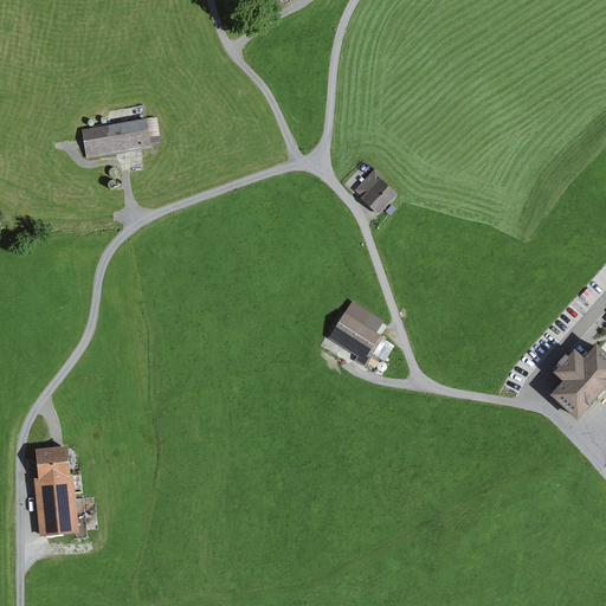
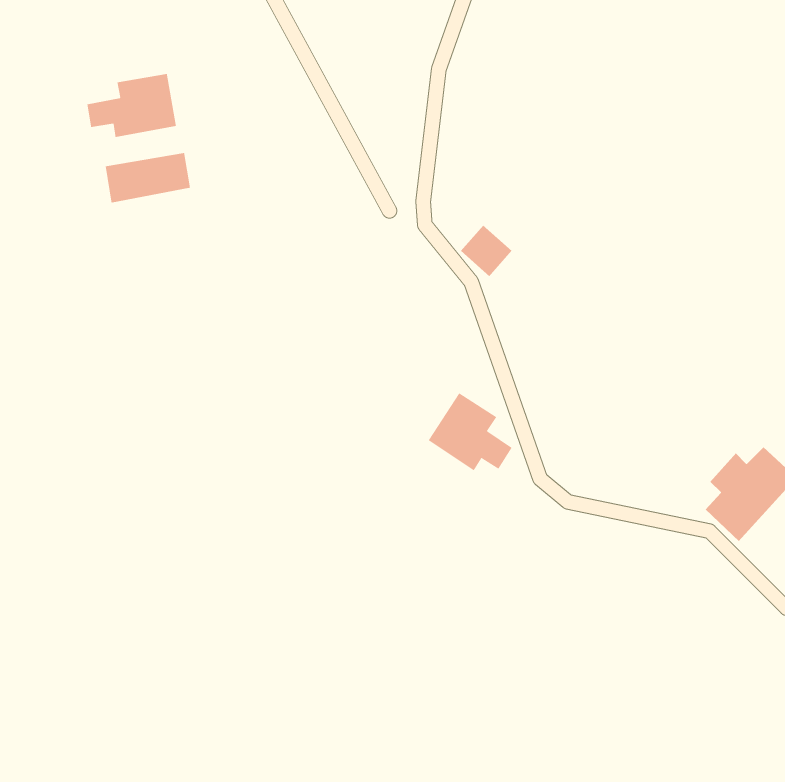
building: none -> [87,73,177,138]
building: [37,445,77,534] -> none

